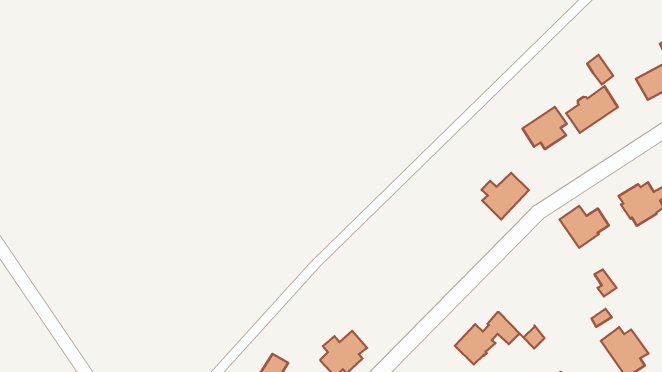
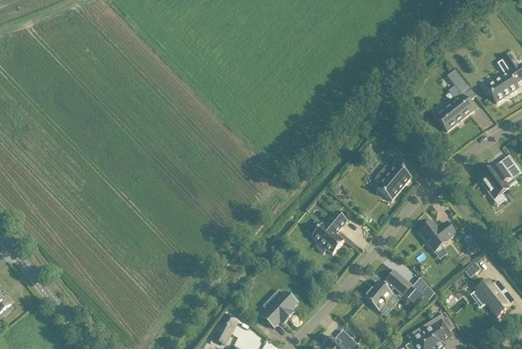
building: [523,107,567,149] -> none
building: [559,206,609,248] -> [417,220,455,252]
building: none -> [311,210,347,253]

